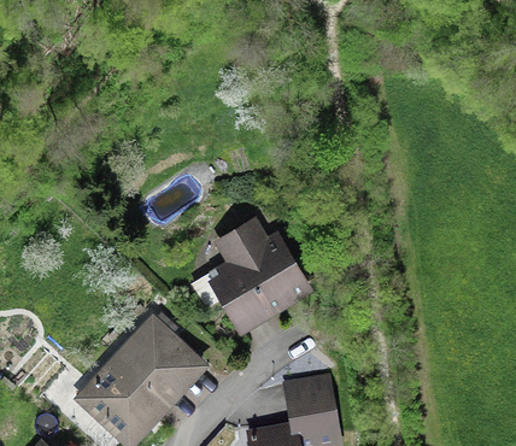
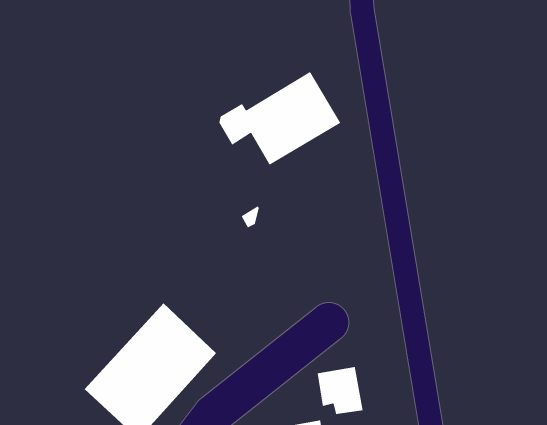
building: [194,240,305,325] -> [219,71,341,166]

